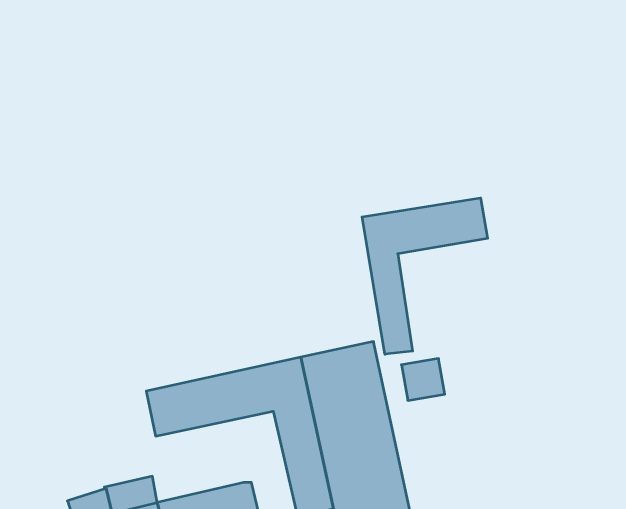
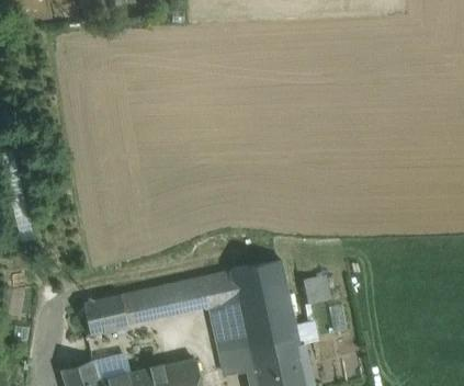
building: [362,198,488,354] -> none
building: none -> [82,295,126,336]

